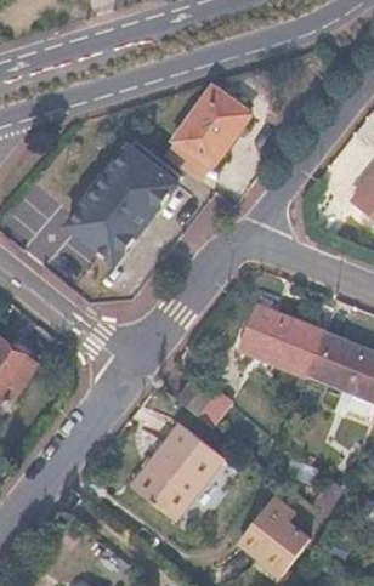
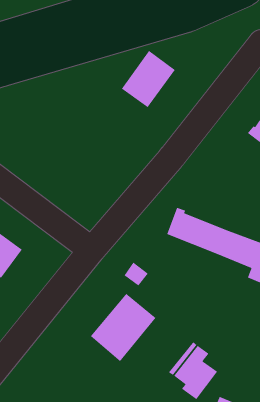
building: [63,140,187,264] -> none

